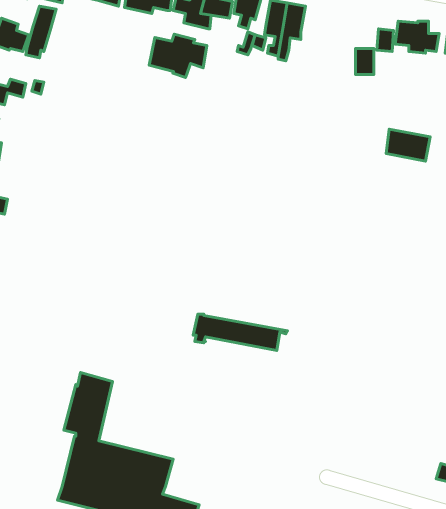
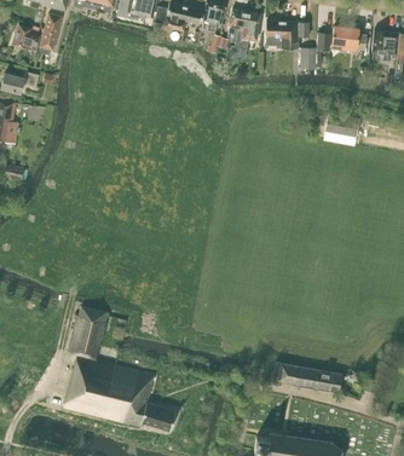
building: none -> [265,21,308,47]
building: [149,34,207,78] -> none
building: [193,314,287,350] -> [272,362,347,391]

